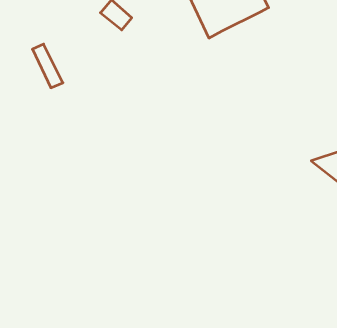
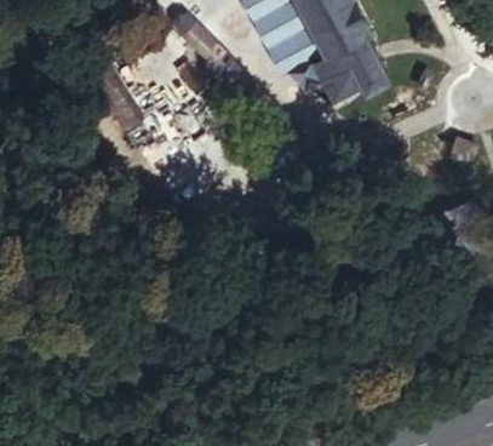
building: none -> [314,46,378,104]

